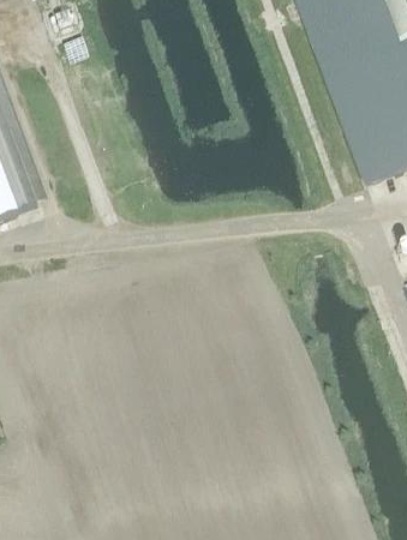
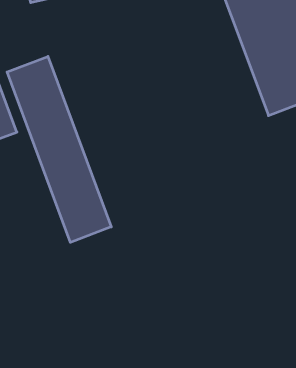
building: none -> [7,56,111,242]

